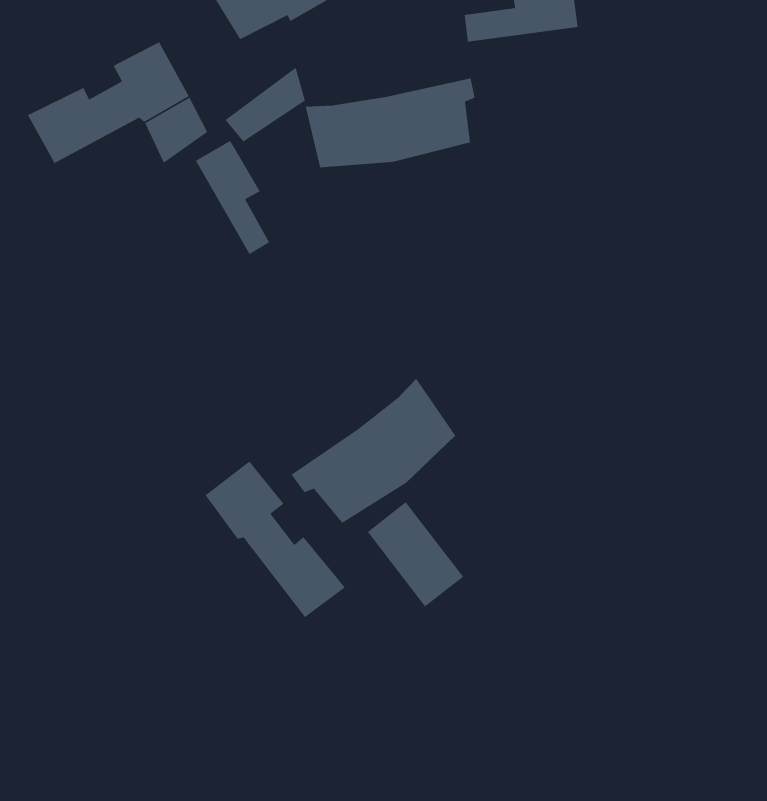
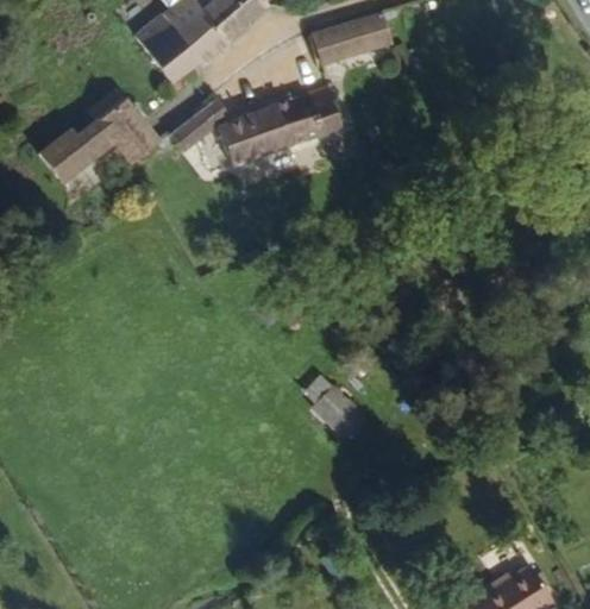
building: [195,140,270,255] -> none
building: [291,378,456,524] -> none
building: [204,461,346,618] -> none

